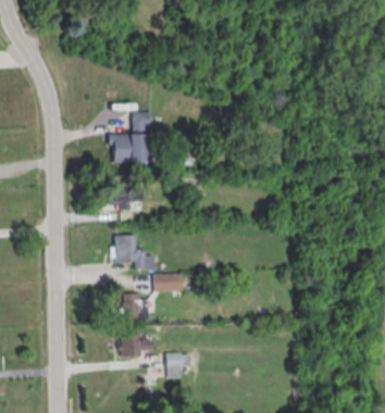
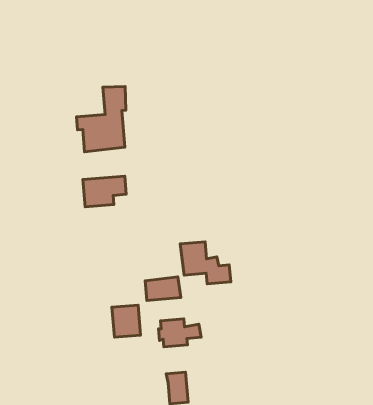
building: [115,235,154,270] -> [180,242,231,284]
building: [119,334,153,355] -> [158,319,201,347]

